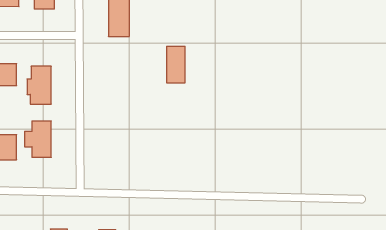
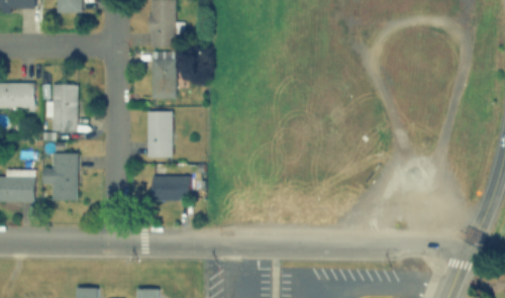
building: [167,46,185,83] -> [152,53,175,98]
building: none -> [146,112,170,158]
building: none -> [153,167,189,200]

